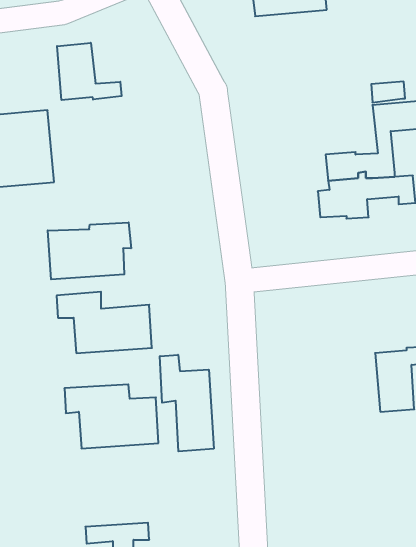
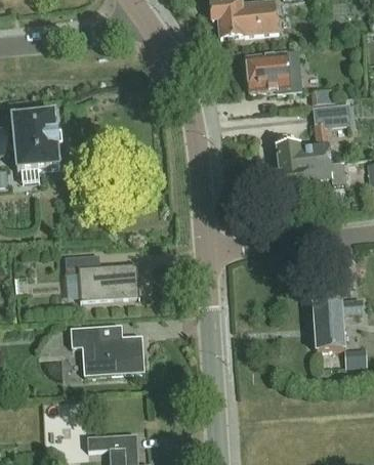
building: none -> [246,52,301,93]
building: [57,43,122,100] -> none
building: [48,222,131,279] -> none
building: [160,355,214,451] -> none

